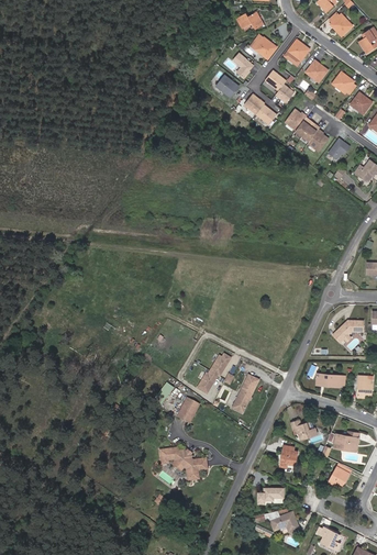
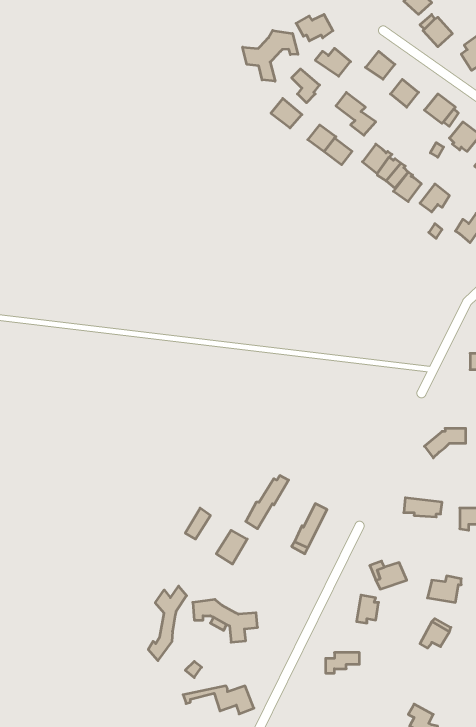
building: none -> [243,30,298,81]
building: none -> [148,586,187,661]
building: [246,511,299,532] -> [183,686,254,714]

